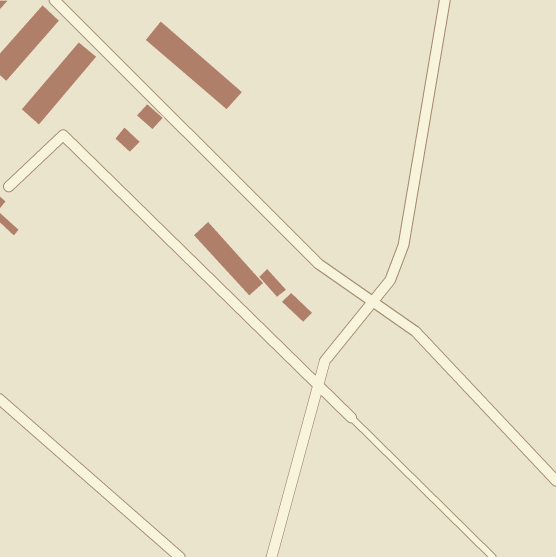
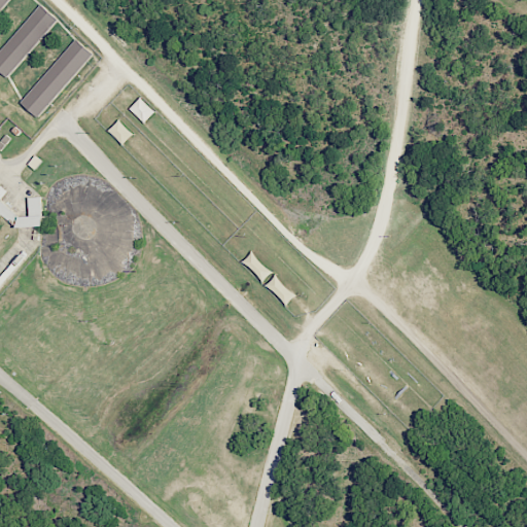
building: [145,21,243,110] -> none
building: [193,221,264,296] -> none

